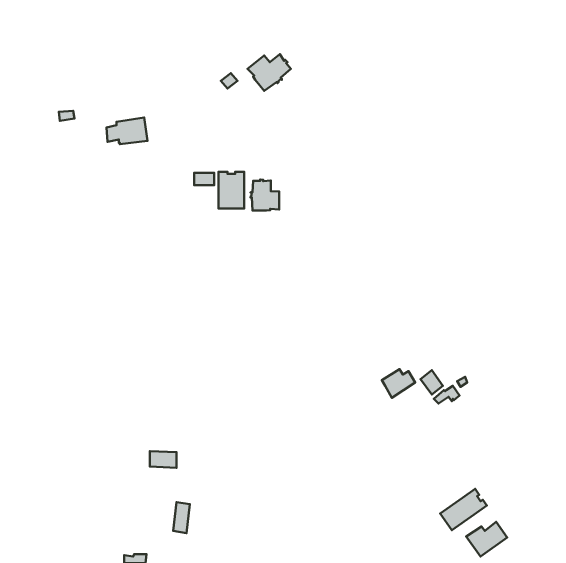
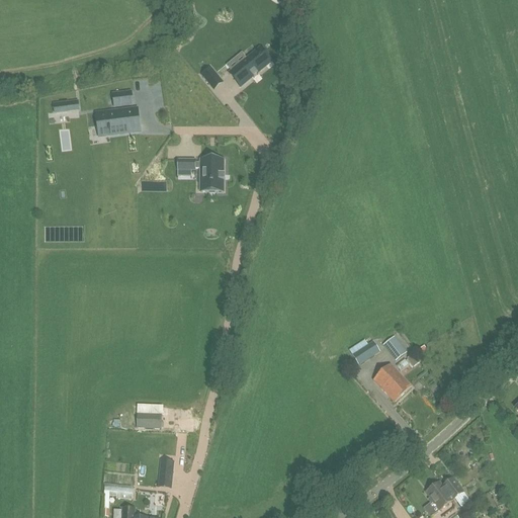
building: [250,179,279,210] -> none
building: none -> [372,362,410,401]
building: [440,489,487,530] -> none

